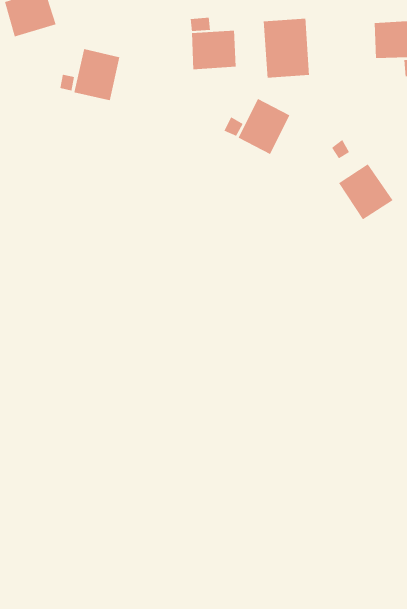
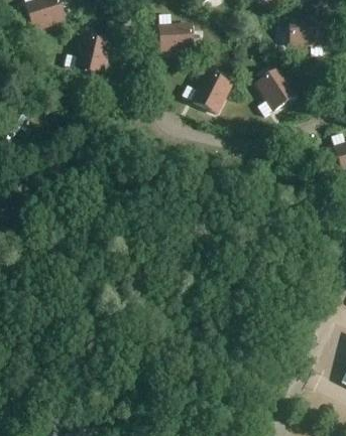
building: [263,18,310,78] -> none
building: [338,163,394,220] -> [258,67,298,108]

